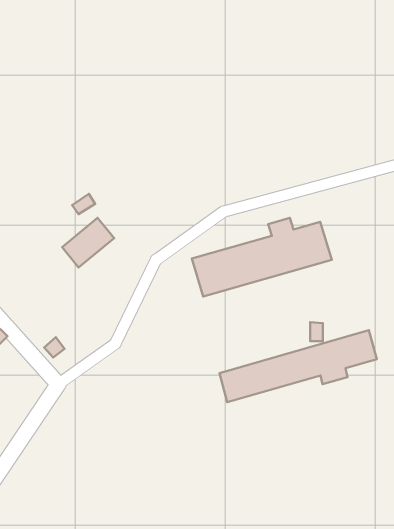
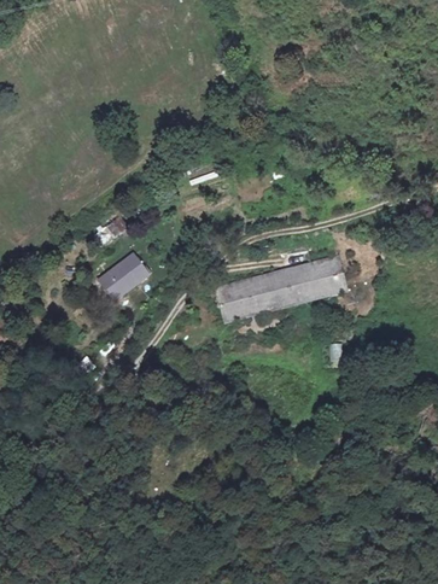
building: [219,330,377,402] -> none

